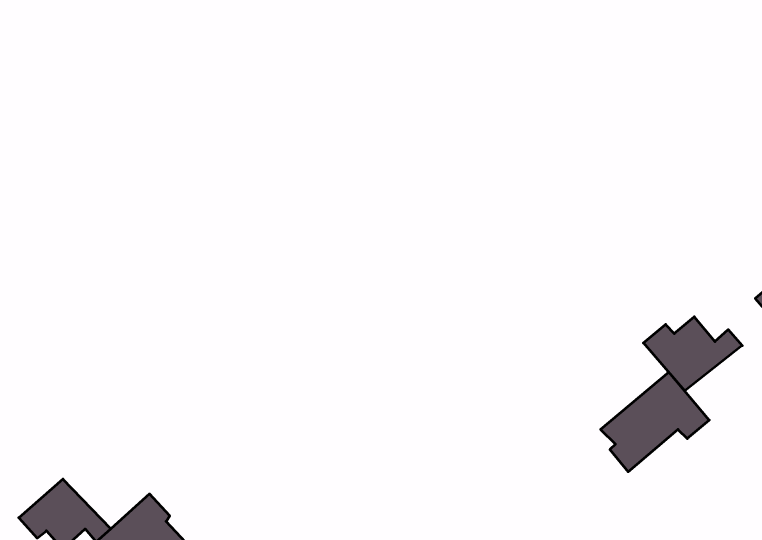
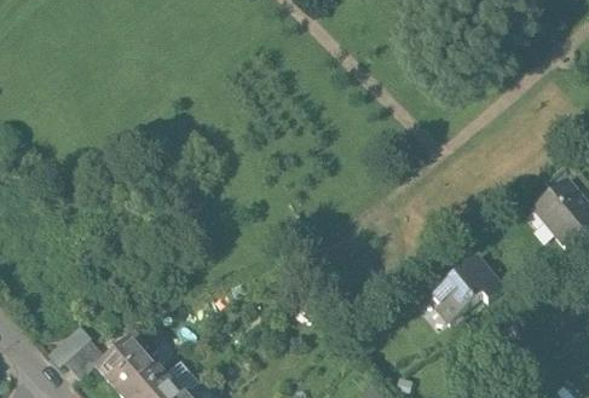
building: [643,317,742,391] -> none

